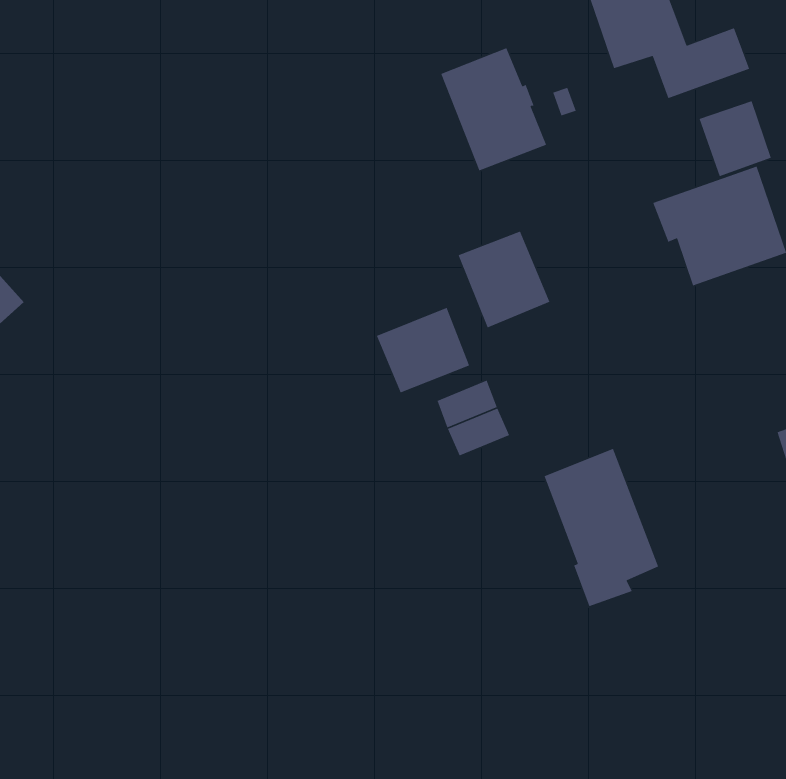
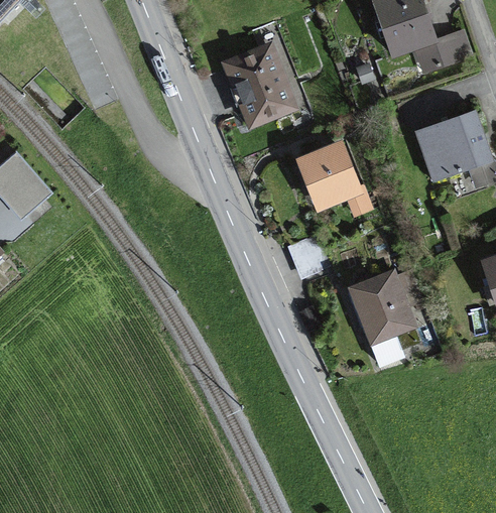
building: [440,47,547,171] -> [228,49,289,121]
building: [699,100,772,177] -> none
building: [376,307,470,394] -> none

